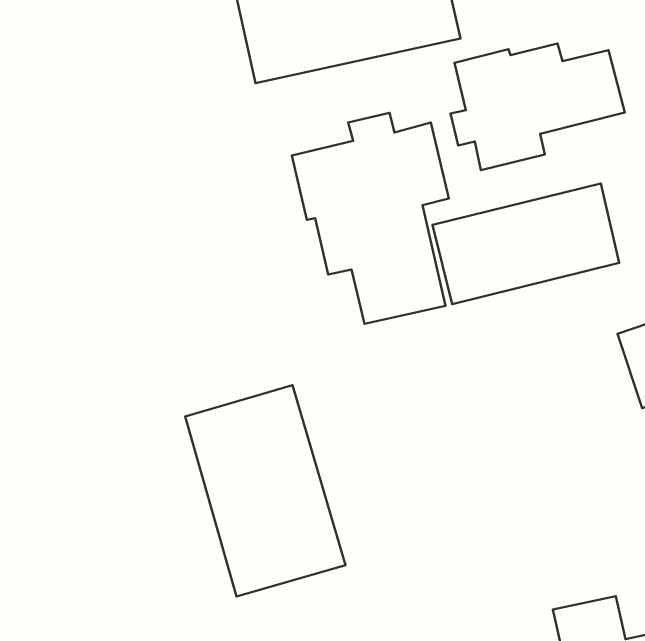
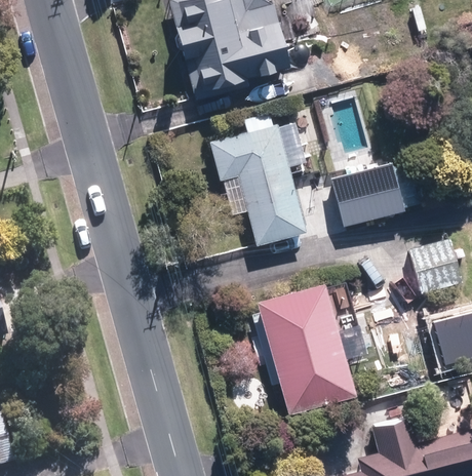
building: [450,44,625,170] -> none
building: [185,385,346,597] -> [257,282,356,413]

